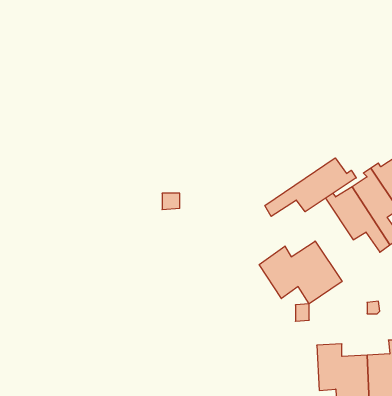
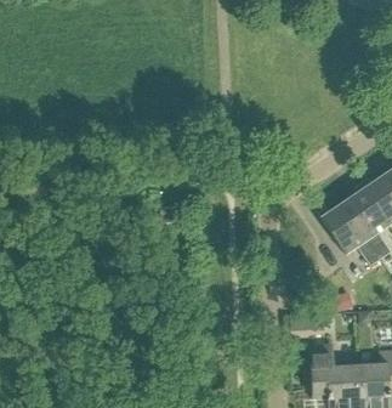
building: [265,158,356,216] -> none
building: [259,241,342,304] -> none

